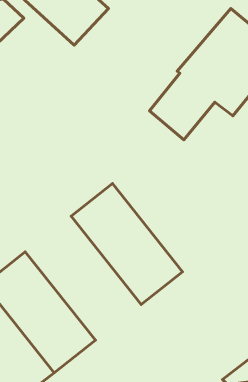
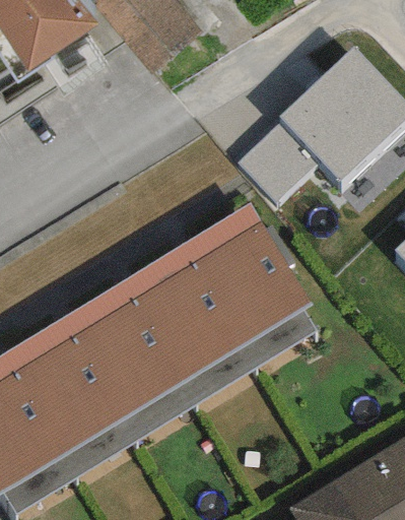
building: none -> [178,204,315,370]
building: none -> [58,282,195,442]

